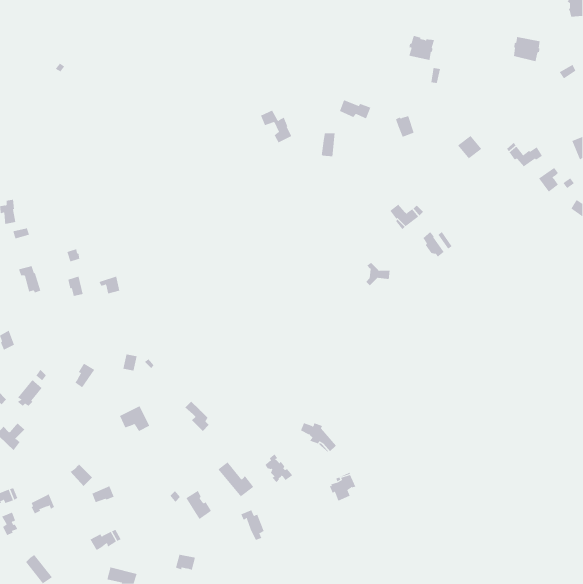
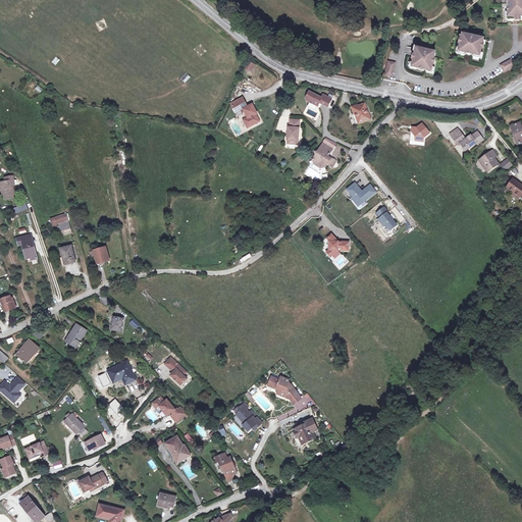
building: [408,35,435,60] -> [410,47,433,69]
building: none -> [311,136,335,166]
building: [218,462,254,497] -> [152,394,185,425]

